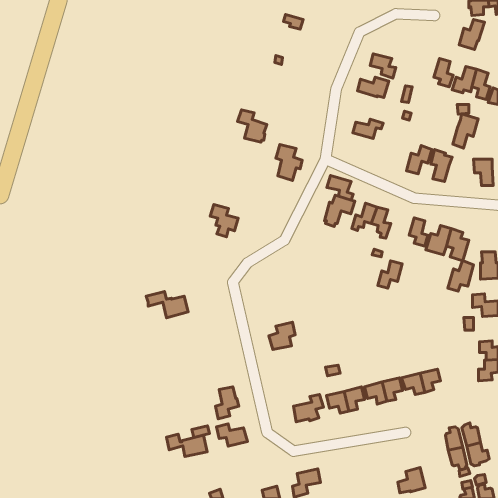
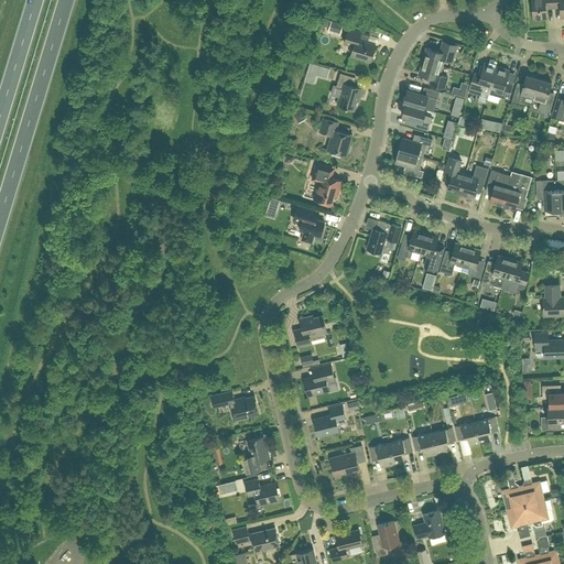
building: [459,19,484,50] -> [468,64,497,98]
building: none -> [345,30,376,62]
building: none -> [422,42,457,67]
building: none -> [337,75,362,111]
building: none -> [402,104,432,131]
building: [238,110,267,142] -> [319,119,352,155]
building: [453,114,478,148] -> [502,172,531,210]
building: none -> [445,158,465,194]
building: [327,176,353,200] -> [394,151,424,178]
building: [210,205,238,237] -> [293,207,325,243]
building: [448,261,474,291] -> none
building: [378,261,402,288] -> [441,243,468,274]
building: none -> [295,316,327,348]
building: [146,291,188,318] -> [212,391,259,421]
building: none -> [314,405,346,436]
building: [166,434,207,457] -> [234,527,280,552]
building: none -> [373,521,399,556]
building: [398,467,425,493] -> [414,510,445,539]

